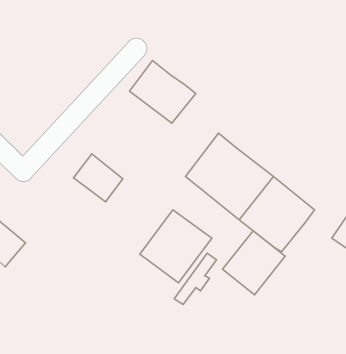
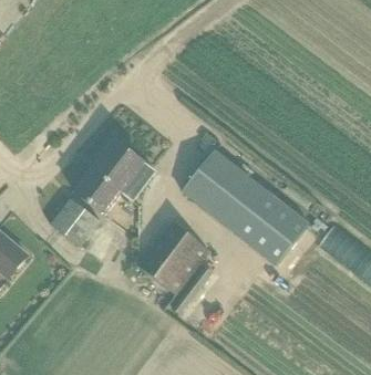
building: [130,60,196,123] -> [91,137,155,198]
building: none -> [50,196,100,244]
building: [223,231,285,295] -> none

